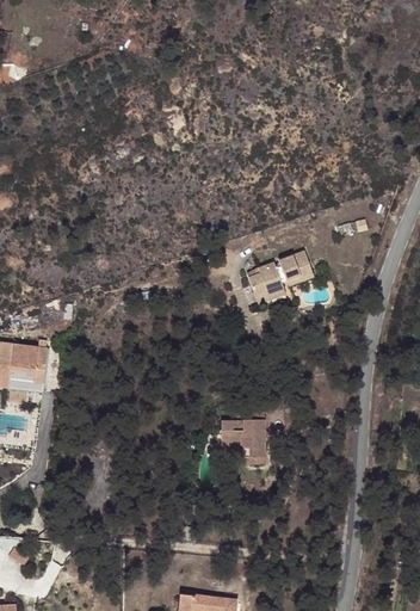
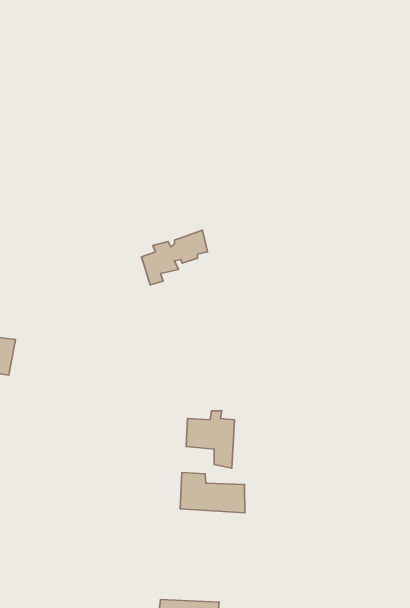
building: [248,253,310,304] -> [141,230,208,285]
building: none -> [180,473,245,513]

